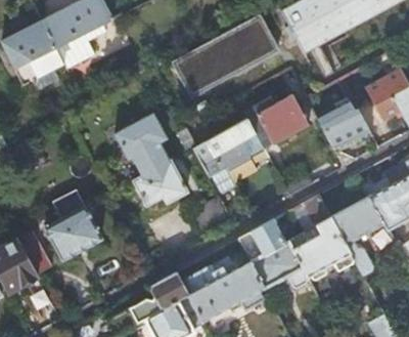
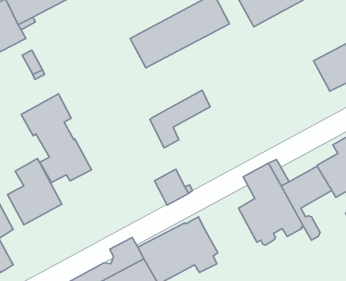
building: [254,94,309,143] -> none
building: [317,95,371,154] -> none
building: [115,111,188,204] -> [21,94,91,183]
building: [237,219,307,289] -> none

